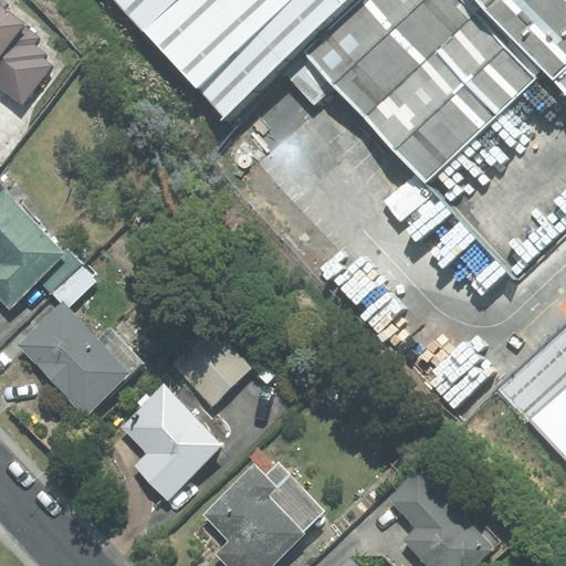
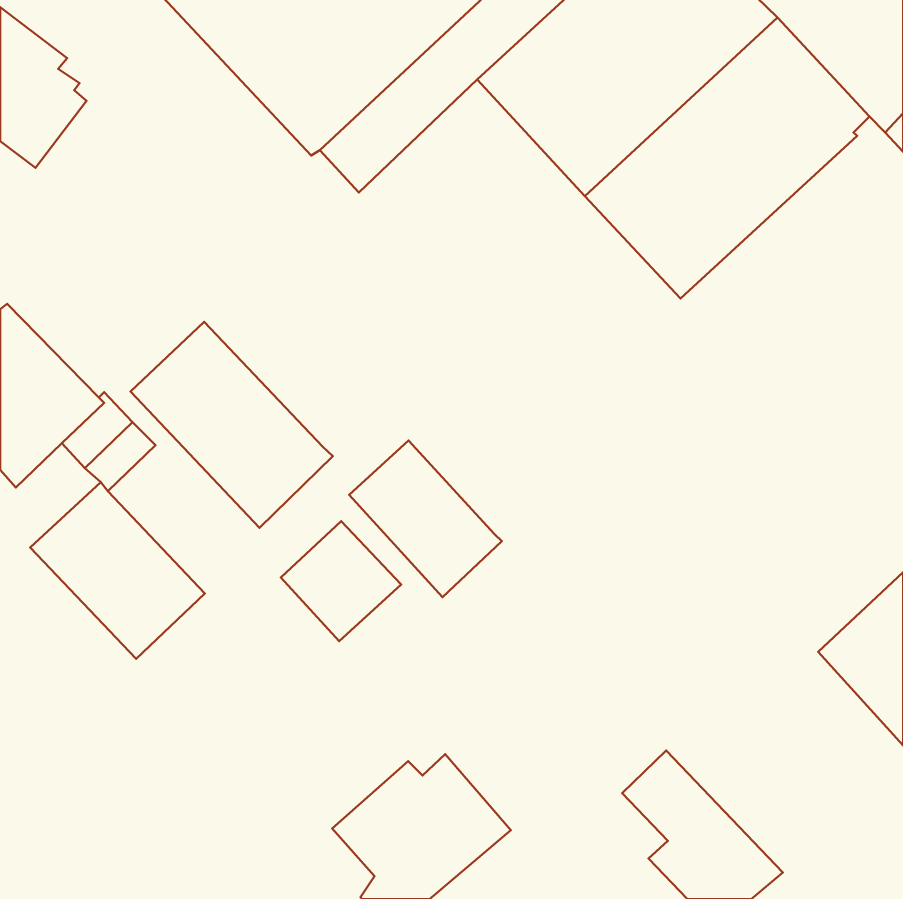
building: none -> [131,322,333,528]
building: none -> [349,440,502,597]
building: [122,384,222,496] -> none

